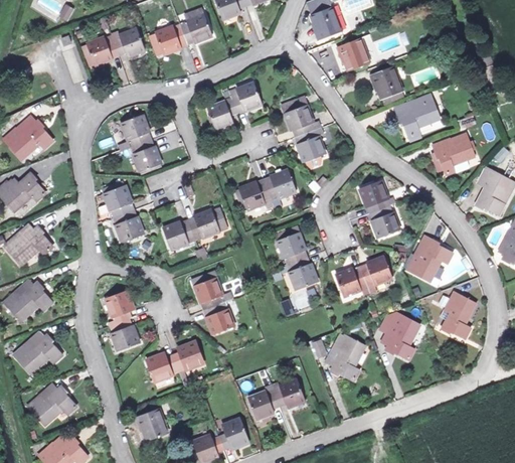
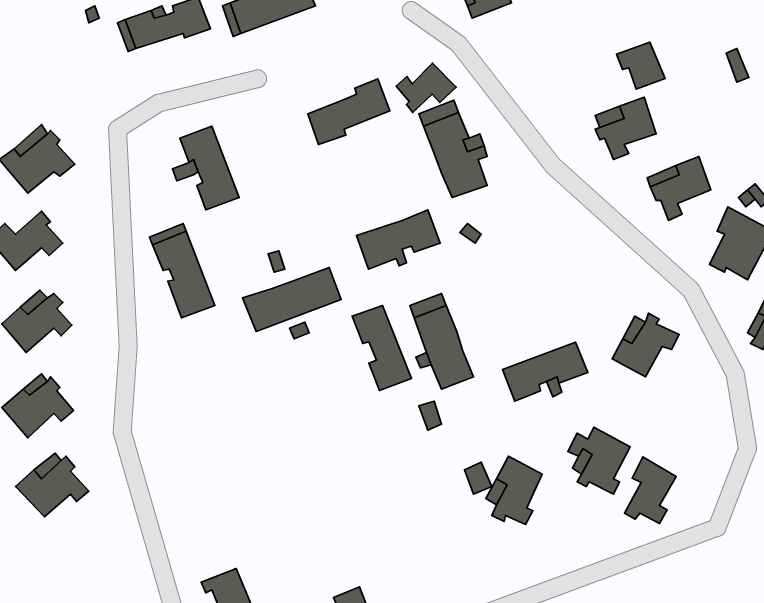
building: [338,40,370,70] -> none
building: [369,67,401,99] -> [616,42,665,89]
building: none -> [396,63,456,112]
building: [359,182,399,238] -> none
building: [195,278,234,334] -> [352,305,411,391]
building: [108,294,142,352] -> none
building: [440,294,474,338] -> [625,457,676,524]
building: [146,341,204,382] -> none
building: [248,378,306,419] -> none
building: [28,383,74,425] -> none

